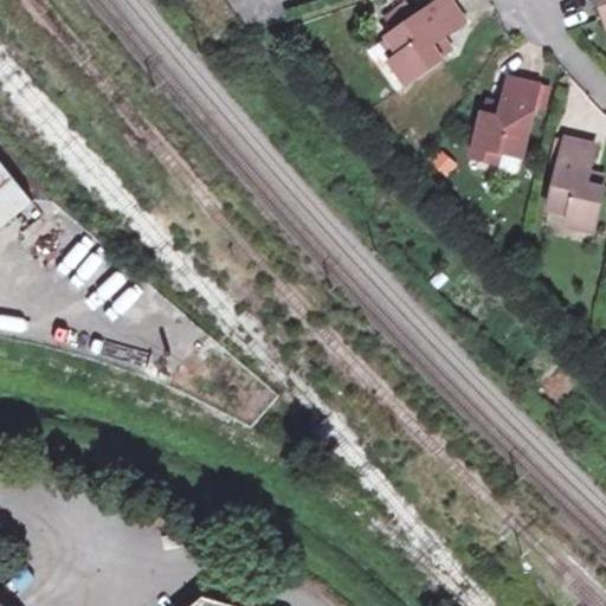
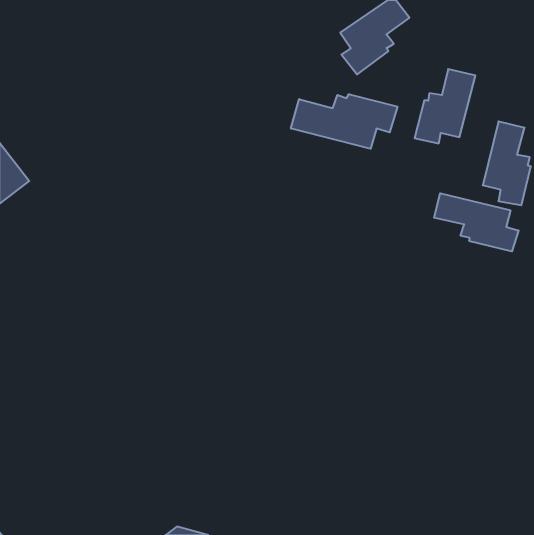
building: none -> [291,94,397,149]
building: none -> [434,193,519,251]

